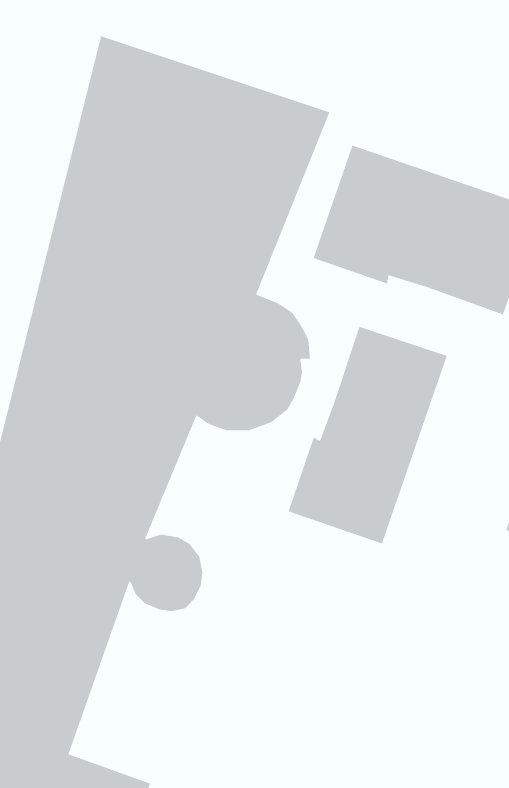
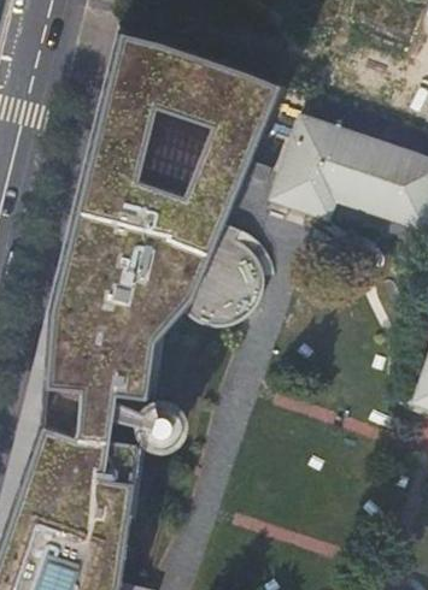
building: [287,326,448,545] -> none

